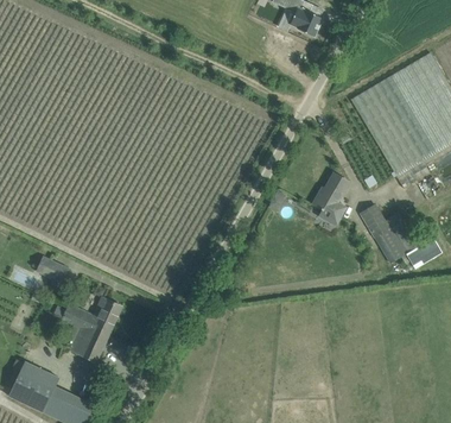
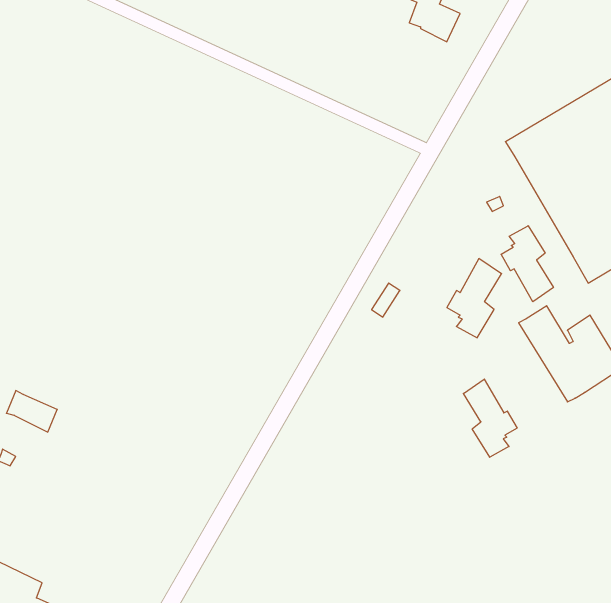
building: none -> [501,226,553,302]
building: none -> [463,379,517,457]
building: [53,298,121,362] -> none

